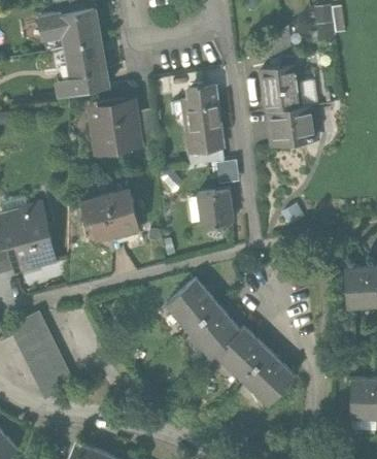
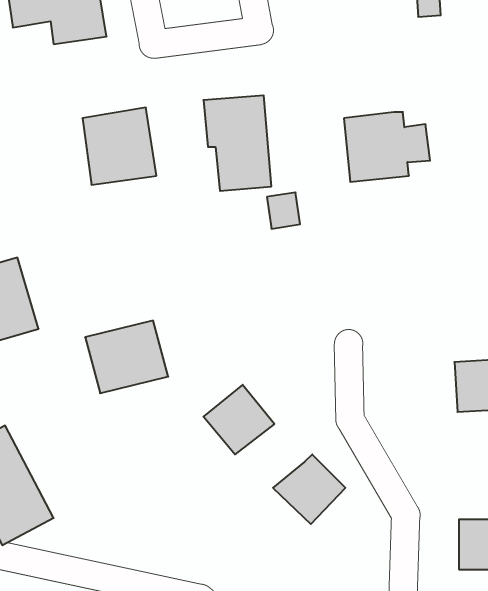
building: [54,52,112,95] -> none
building: [262,63,303,107] -> none
building: [79,187,136,236] -> [85,321,168,393]
building: [192,191,232,228] -> none
building: [195,316,242,363] -> none
building: [246,359,295,407] -> none

